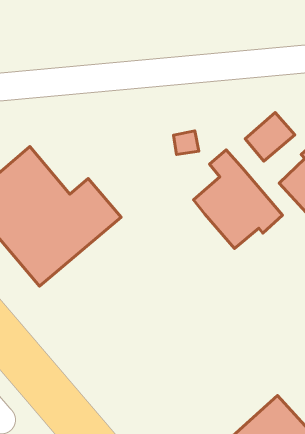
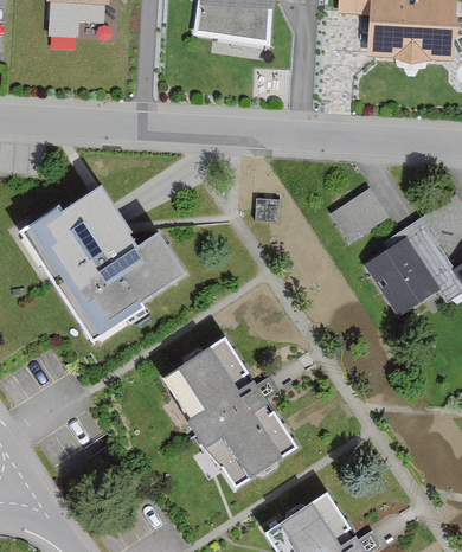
building: [194,150,282,249] -> none
building: none -> [160,339,295,488]

